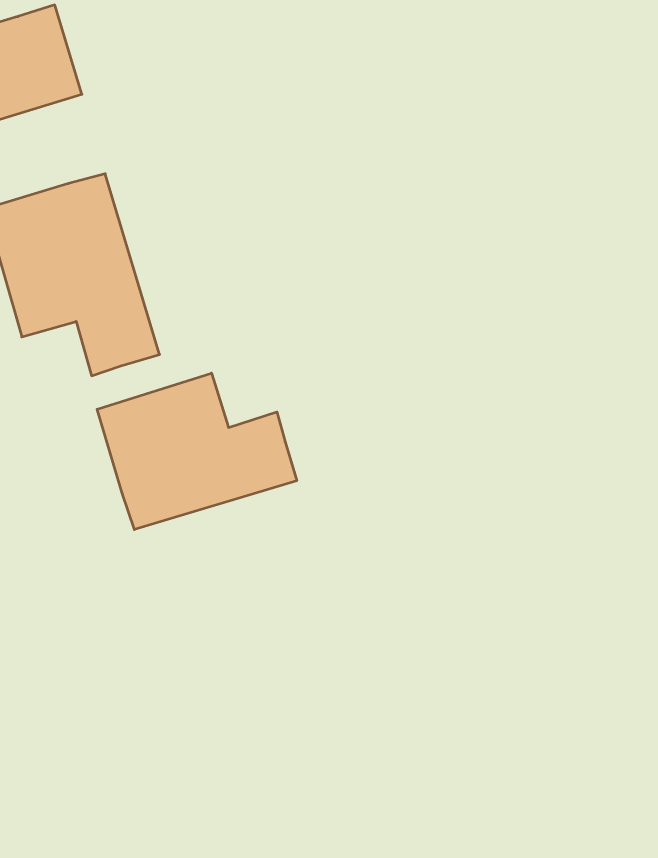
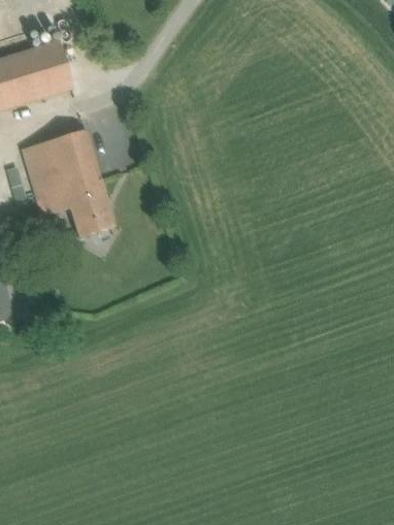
building: [97,373,297,530] -> none

